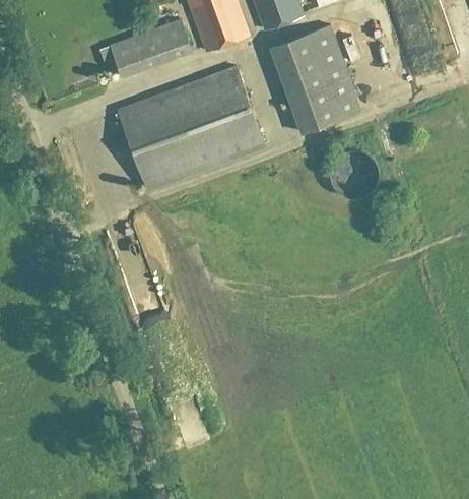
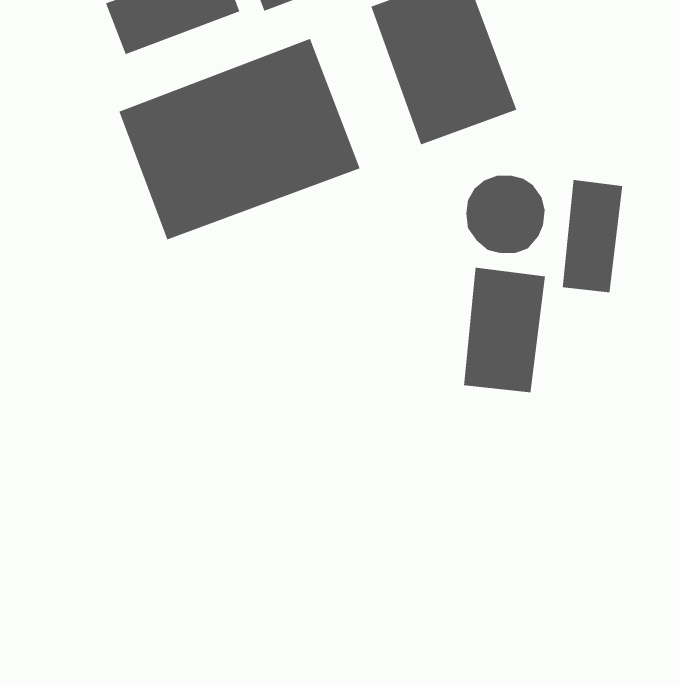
building: none -> [562,179,623,293]
building: none -> [463,267,545,393]

